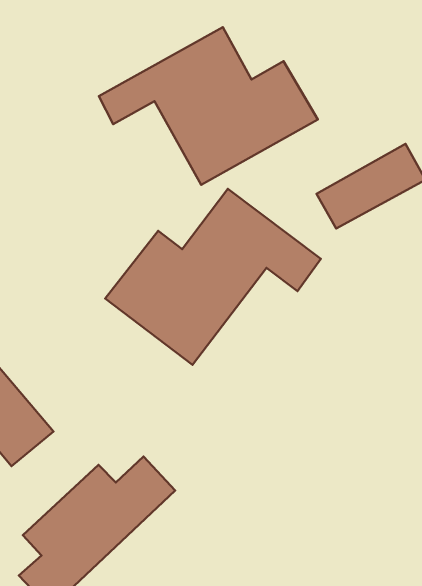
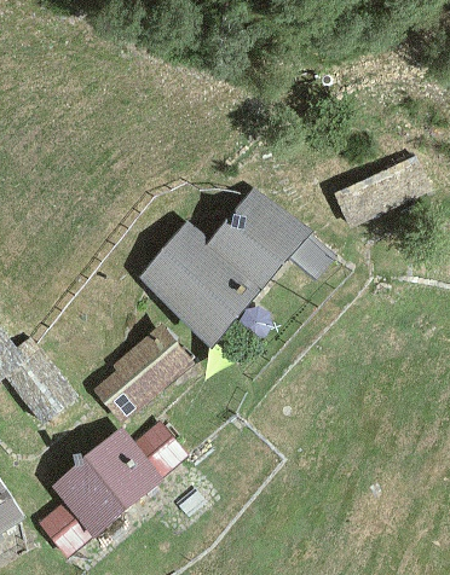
building: [99,27,318,185] -> none
building: none -> [92,325,194,425]

